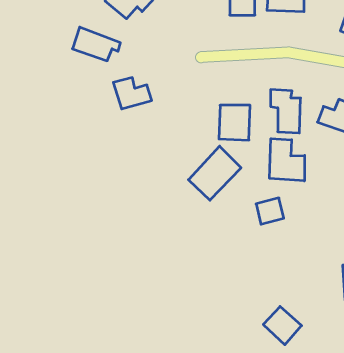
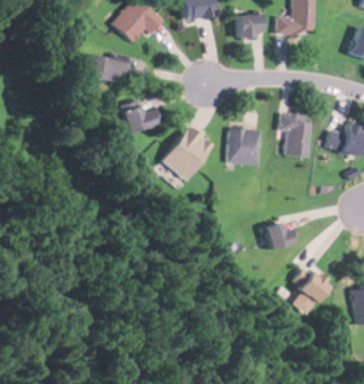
building: [270,139,305,181] -> none
building: [188,146,241,200] -> [161,125,214,179]
building: [263,306,302,345] -> [294,264,333,303]

